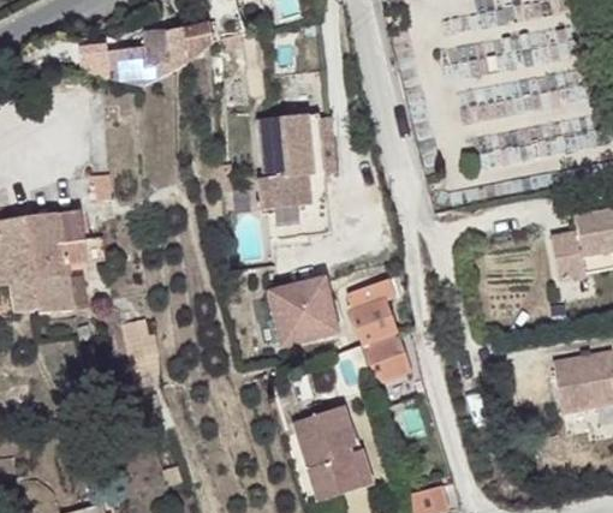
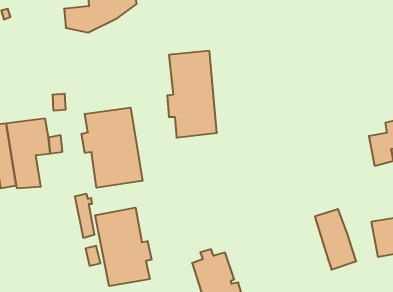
building: none -> [82,108,142,188]
building: [264,272,339,347] -> none
building: [350,297,410,384] -> [315,209,356,270]
building: none -> [95,208,152,286]

